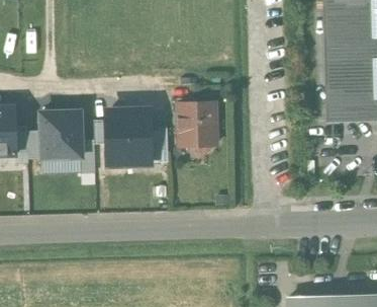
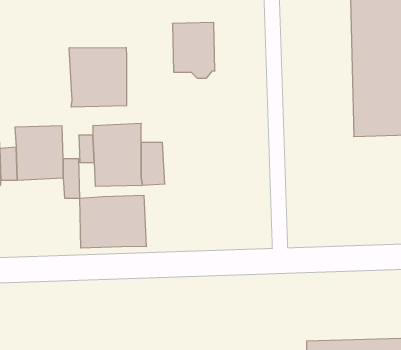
building: none -> [69,47,127,107]
building: [178,103,214,151] -> [172,22,215,78]
building: none -> [80,195,146,248]

